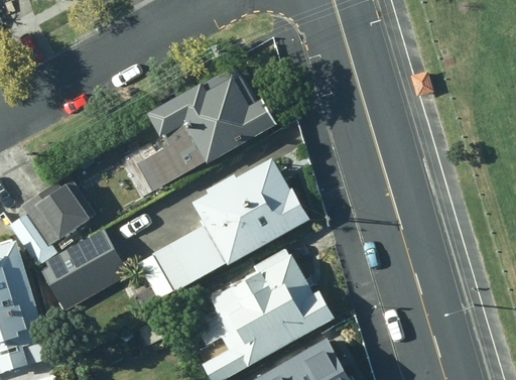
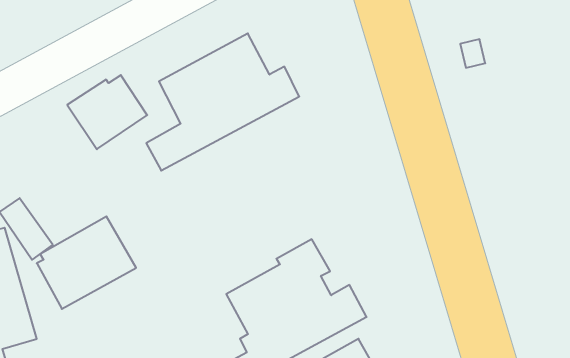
building: [154,162,309,291] -> none
building: [23,178,94,244] -> [67,75,147,149]

